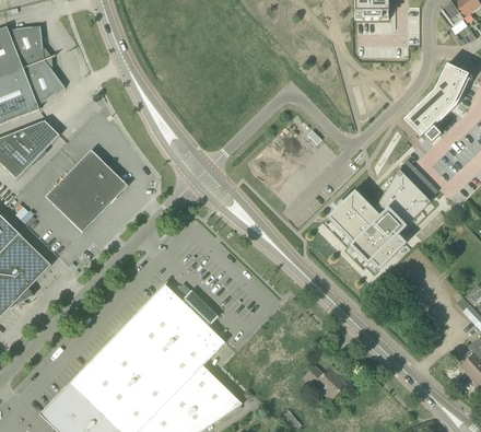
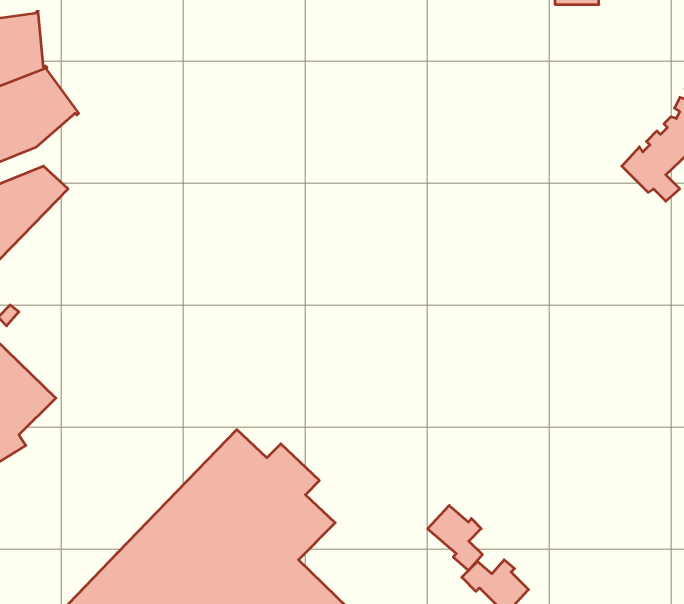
building: [45,149,127,231] -> none
building: [328,164,430,268] -> none
building: none -> [428,505,482,571]

